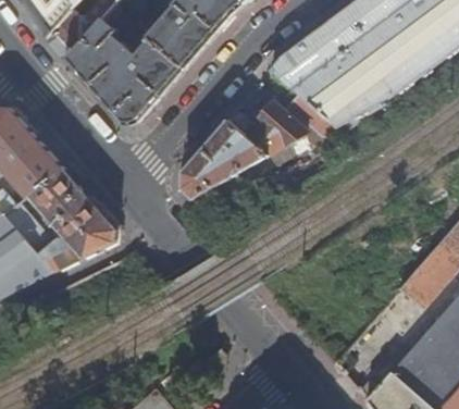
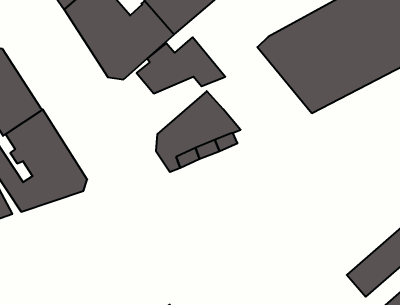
building: [246,94,337,157] -> [137,37,225,93]

